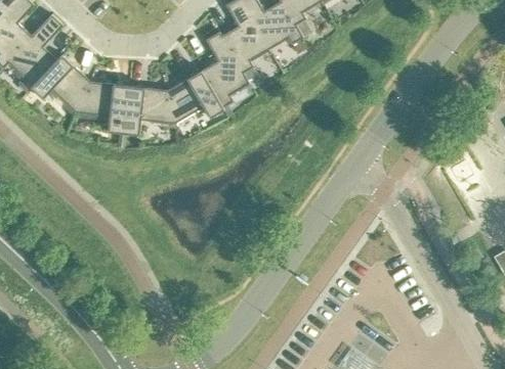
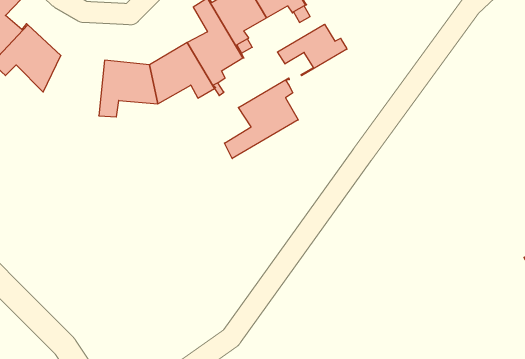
building: none -> [277,24,347,76]
building: [76,82,129,134] -> none
building: none -> [224,78,298,159]

